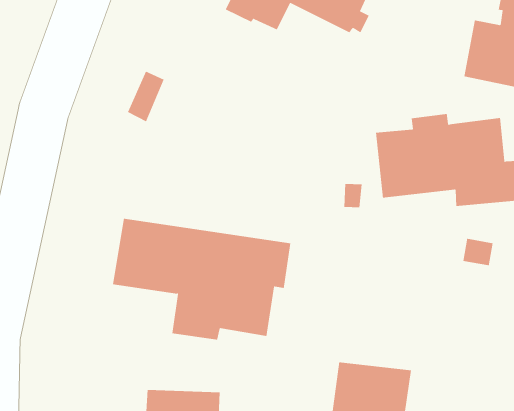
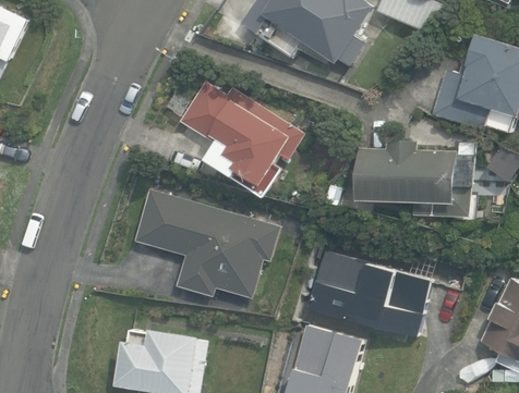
building: none -> [177,81,303,196]
building: none -> [306,250,430,336]

